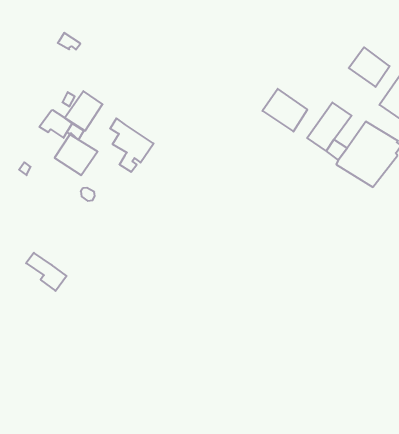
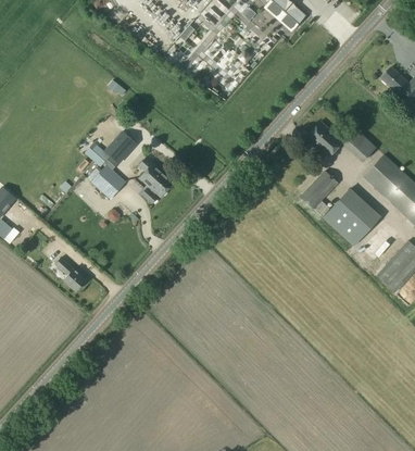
building: [262,89,307,132] -> [305,121,342,158]

